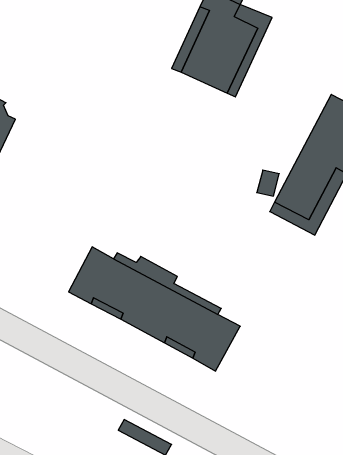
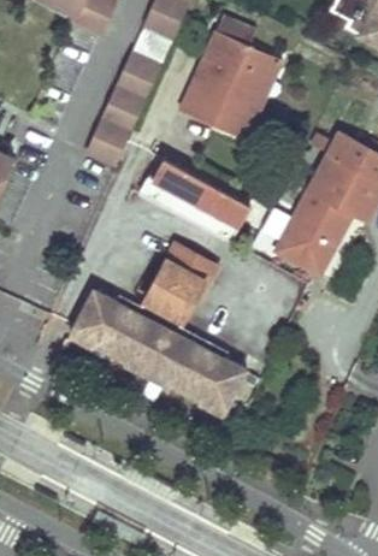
building: none -> [87,53,161,166]
building: none -> [142,156,254,242]
building: none -> [144,243,217,320]

